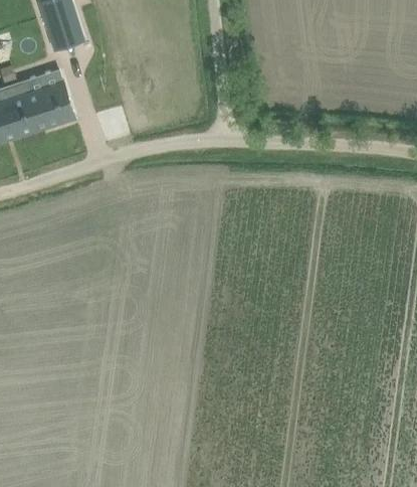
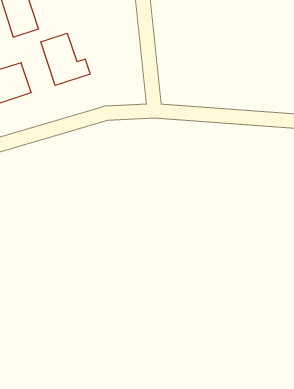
building: none -> [41,33,90,85]

